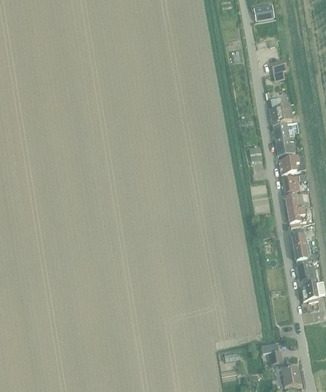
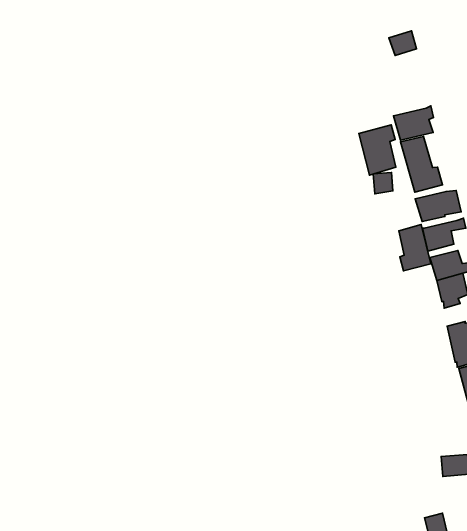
building: none -> [359,125,396,175]
building: none -> [399,224,431,271]

